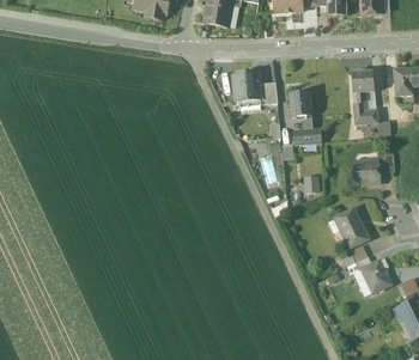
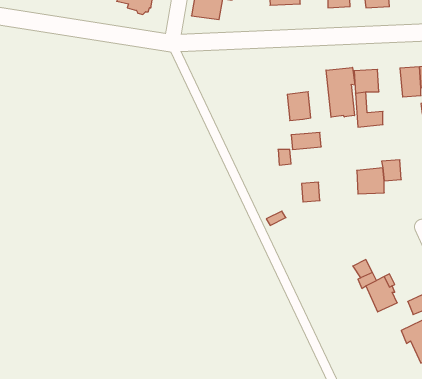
building: none -> [326,67,355,117]
building: [232,72,272,104] -> none
building: [335,208,369,248] -> none

